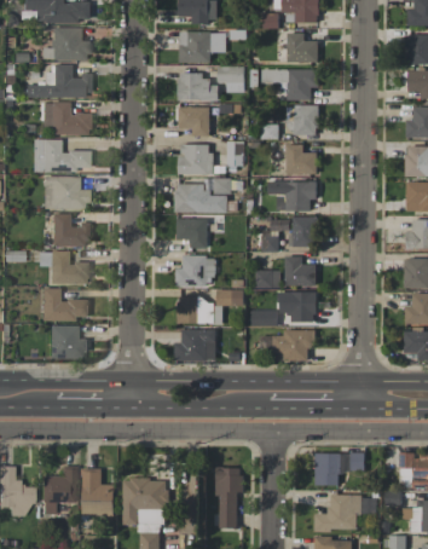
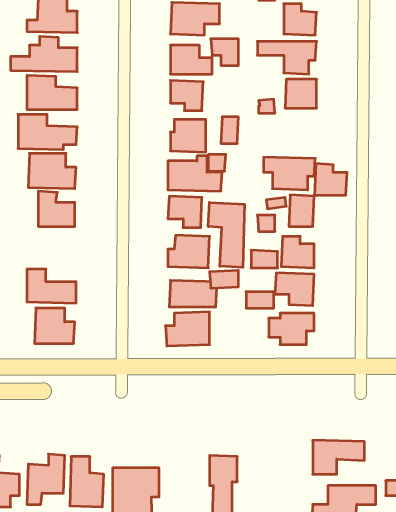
building: [287,144,318,174] -> [314,164,347,195]
building: none -> [208,202,244,267]
building: [50,250,88,284] -> none

